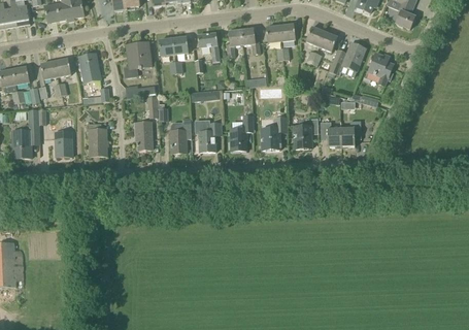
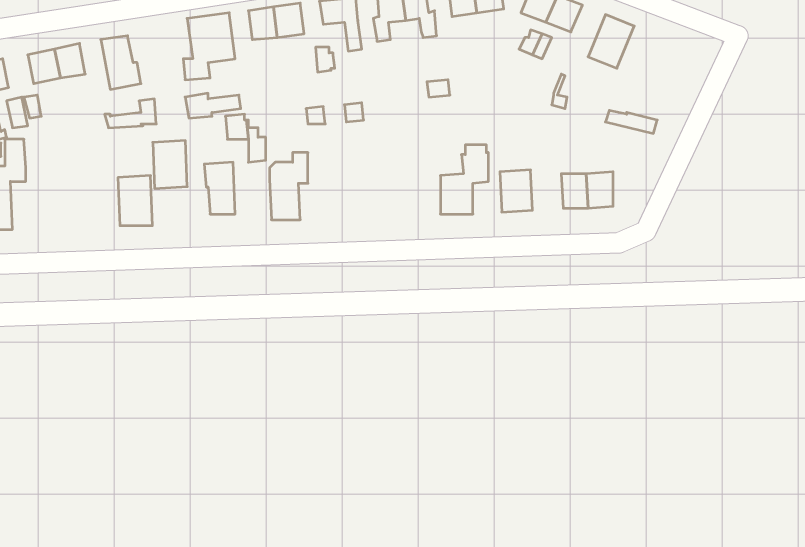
building: [368,52,394,86] -> none
building: [230,116,254,151] -> none
building: [199,123,222,152] -> none
building: [55,131,73,157] -> [153,141,187,188]

